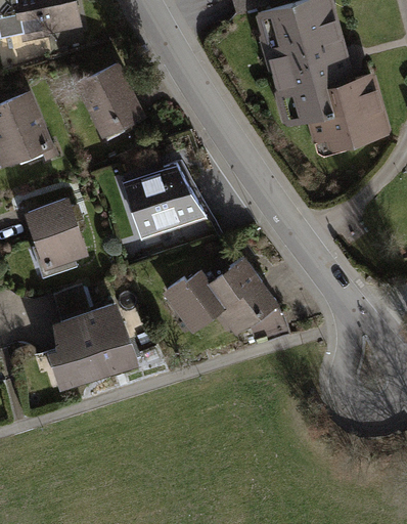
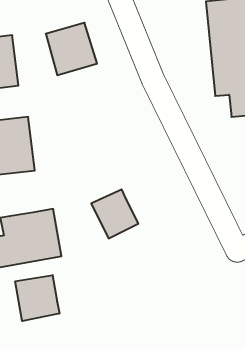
building: [121,164,222,247] -> none
building: [207,251,282,328] -> none
building: none -> [15,275,59,321]

